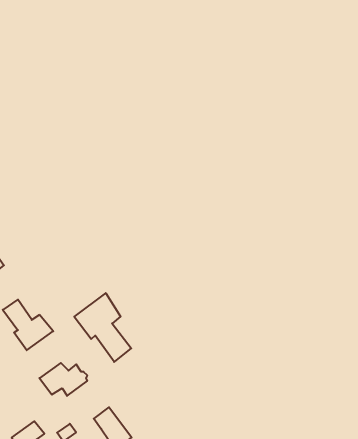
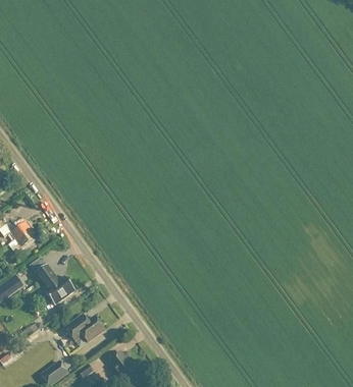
building: [74,293,131,362] -> none

